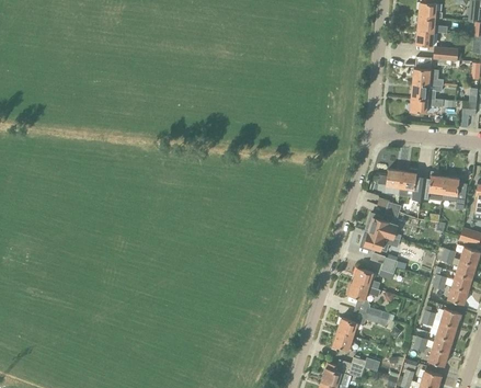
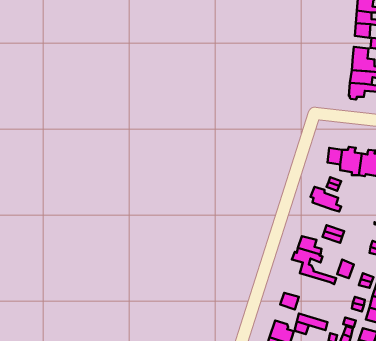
building: [360,231,400,252] -> none
building: [337,310,389,336] -> none

